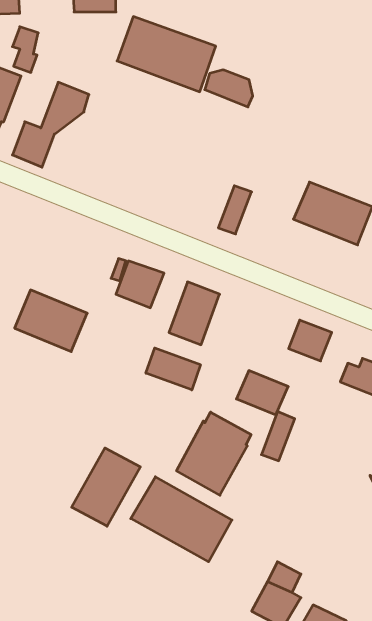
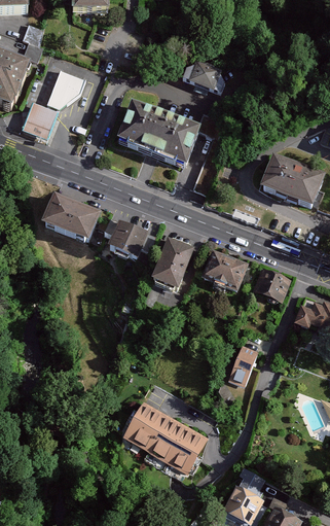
building: [117,17,216,92] -> [116,104,198,167]
building: [15,290,87,352] -> [40,191,101,243]
building: [146,348,200,390] -> none
building: [236,371,288,415] -> [201,253,245,290]
building: [177,412,251,495] -> none
building: [72,448,140,526] -> none

